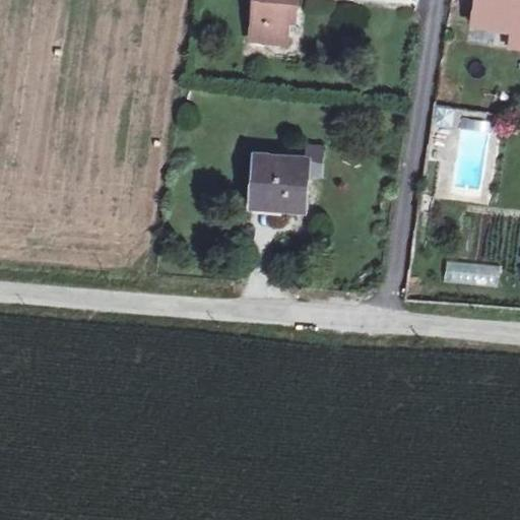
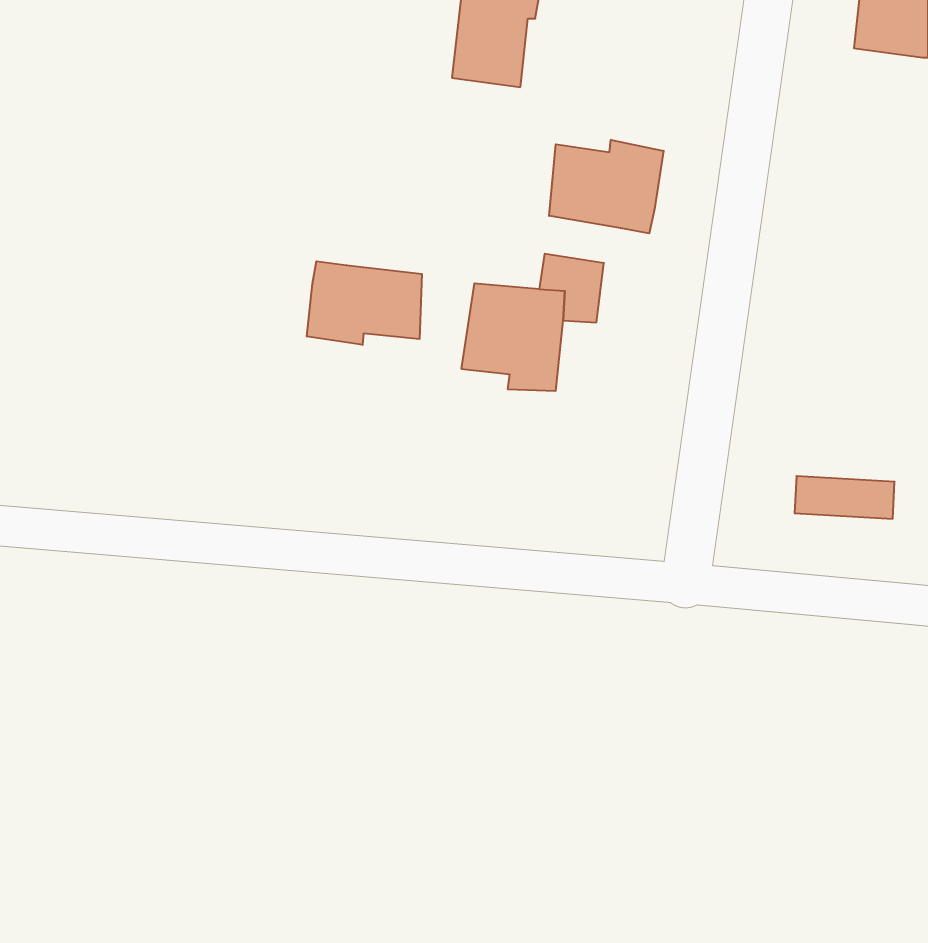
building: none -> [549,140,664,233]
building: none -> [307,261,422,345]

